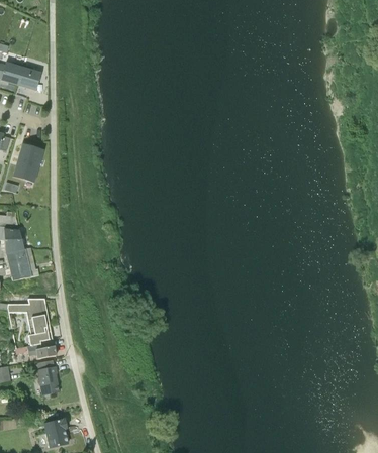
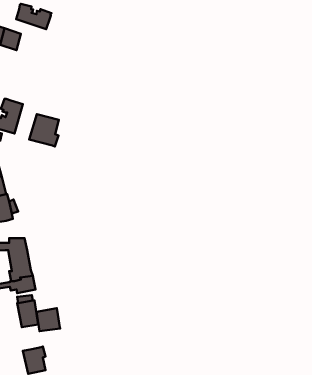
building: none -> [16,4,52,29]
building: none -> [29,114,59,147]
building: none -> [36,308,60,331]

